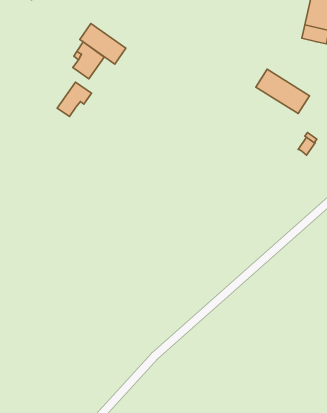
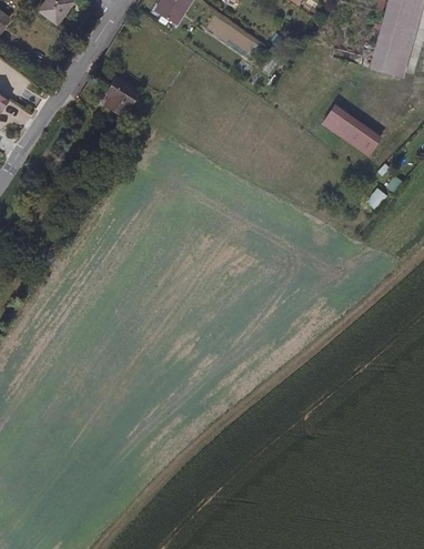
building: [80,23,126,64] -> none
building: [57,82,92,117] -> none

